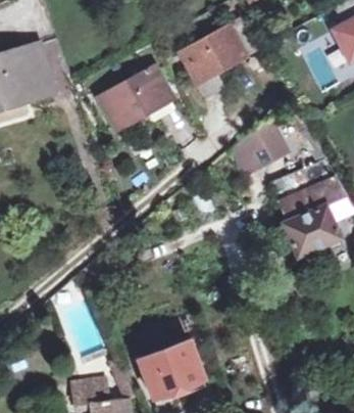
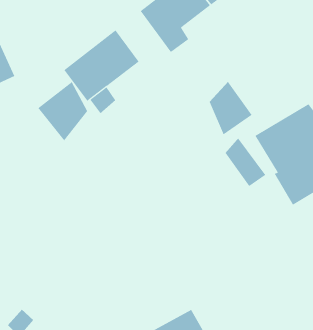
building: none -> [38,81,88,141]
building: [254,117,291,166] -> [224,137,266,187]

